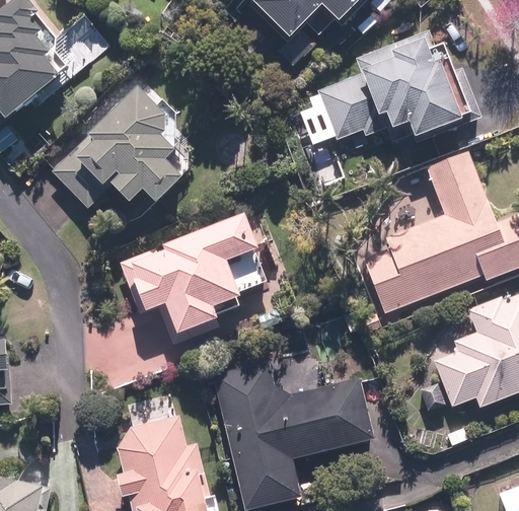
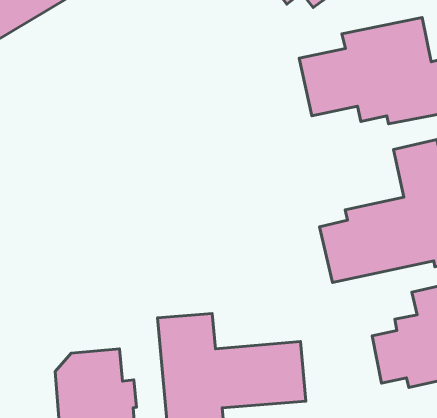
building: [50,83,189,208] -> none
building: [119,211,268,342] -> none

